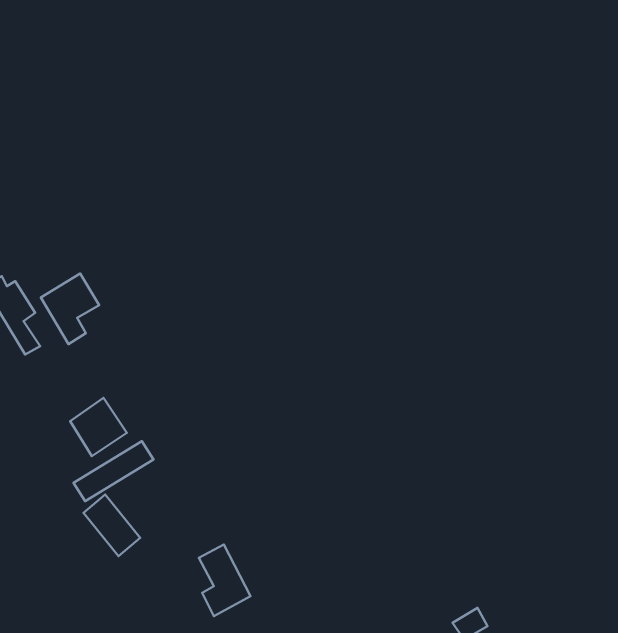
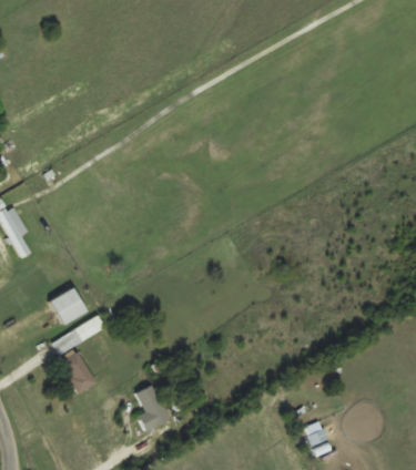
building: [41,274,99,344] -> none

